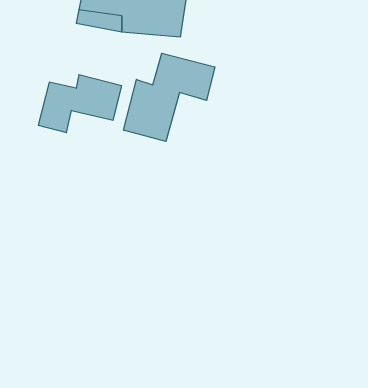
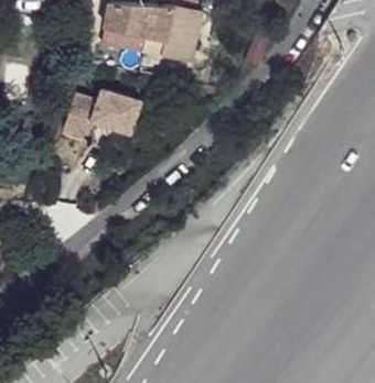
building: [124,53,215,141] -> none

